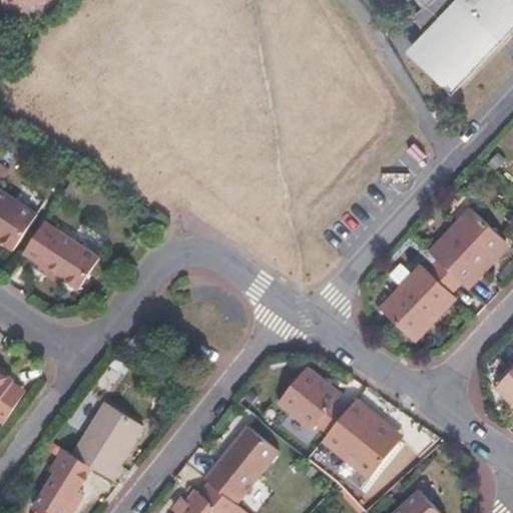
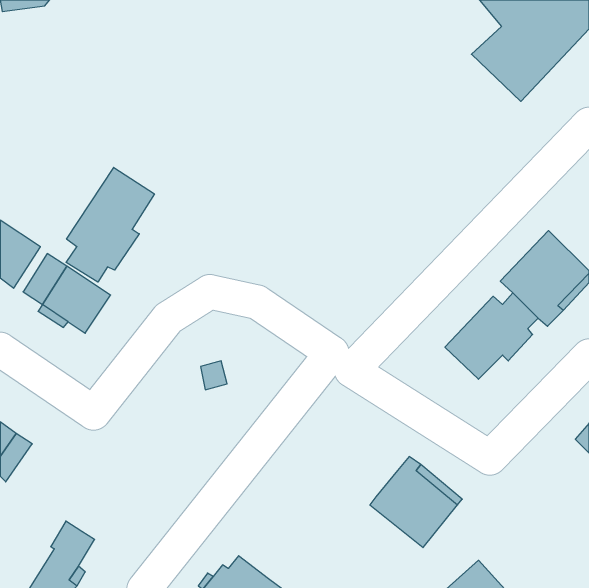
building: none -> [66,167,154,282]
building: [277,366,346,433] -> none
building: [71,409,132,483] -> none
building: [203,428,276,504] -> none

